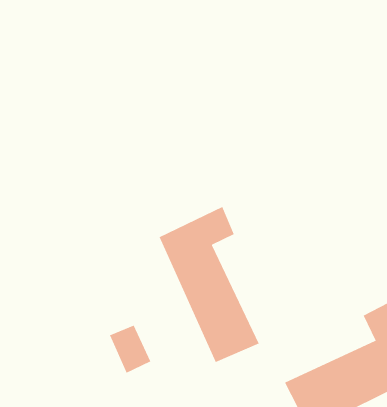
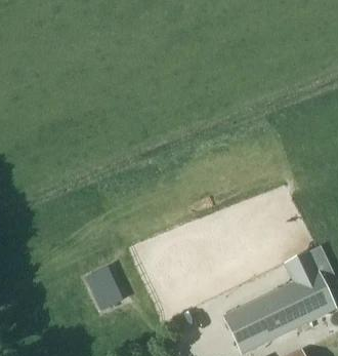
building: [159,206,260,363] -> none

